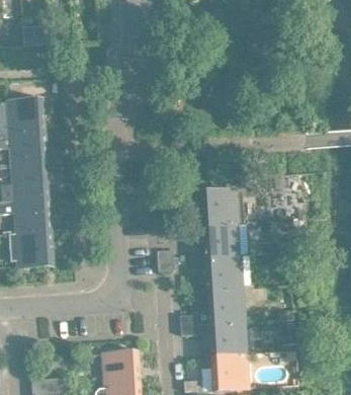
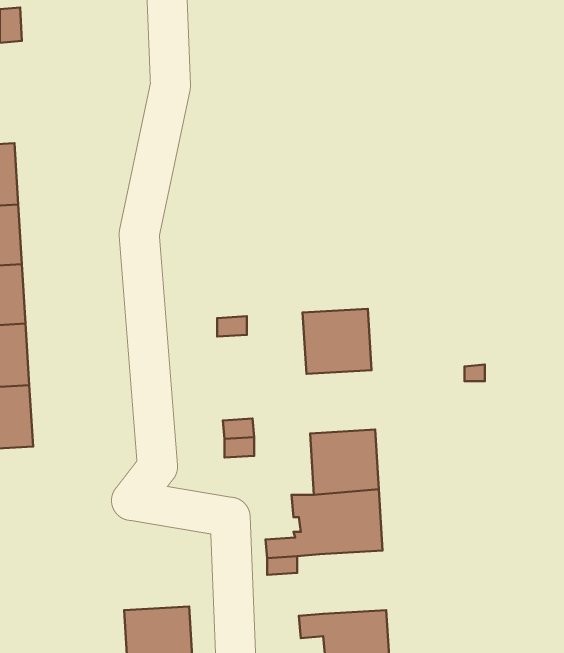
building: [202,223,240,257] -> none
building: [209,321,246,356] -> none

